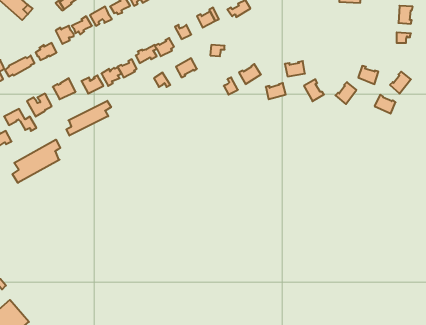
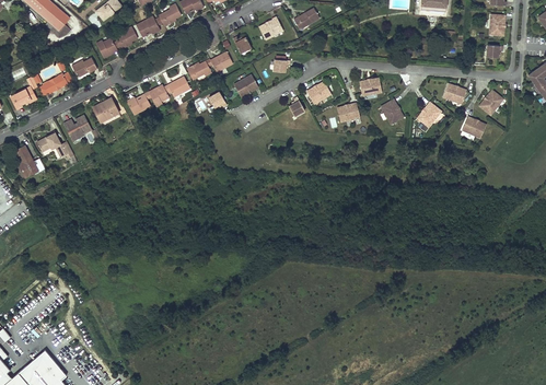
building: [66,101,111,136] -> none
building: [12,140,60,183] -> none

